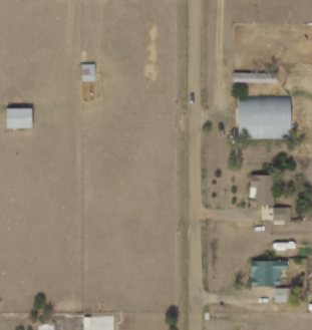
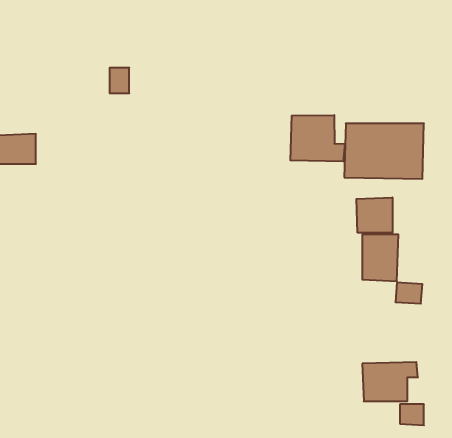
building: none -> [290,115,345,161]
building: none -> [356,197,392,233]

